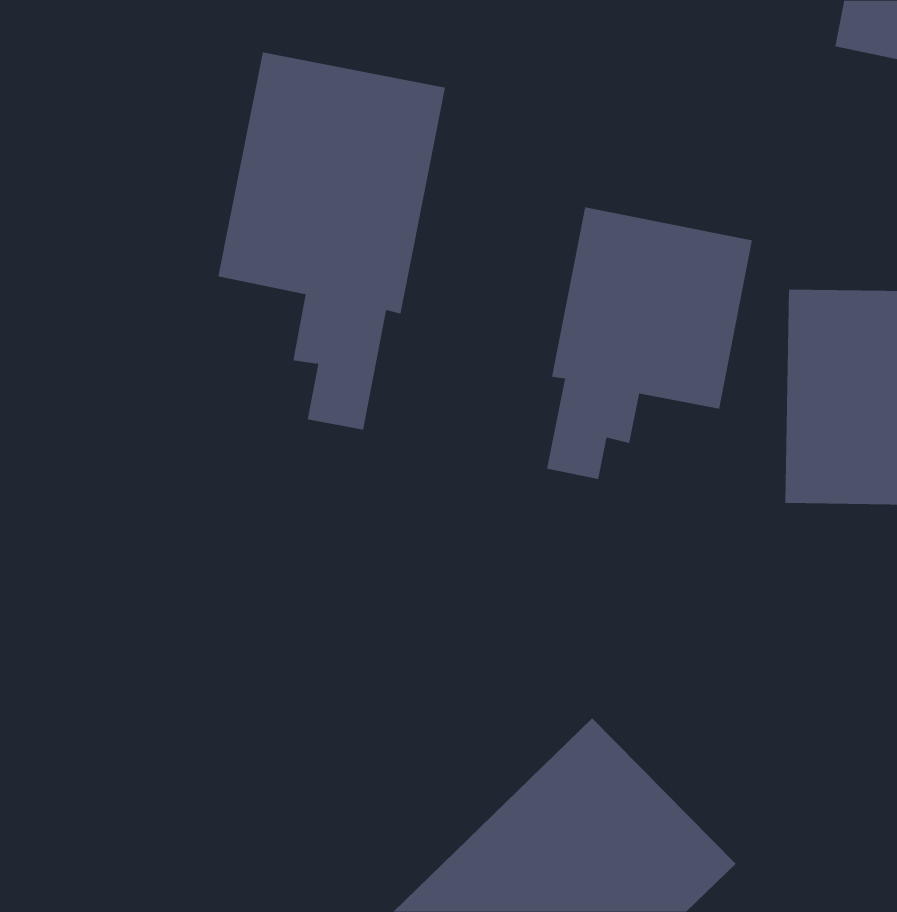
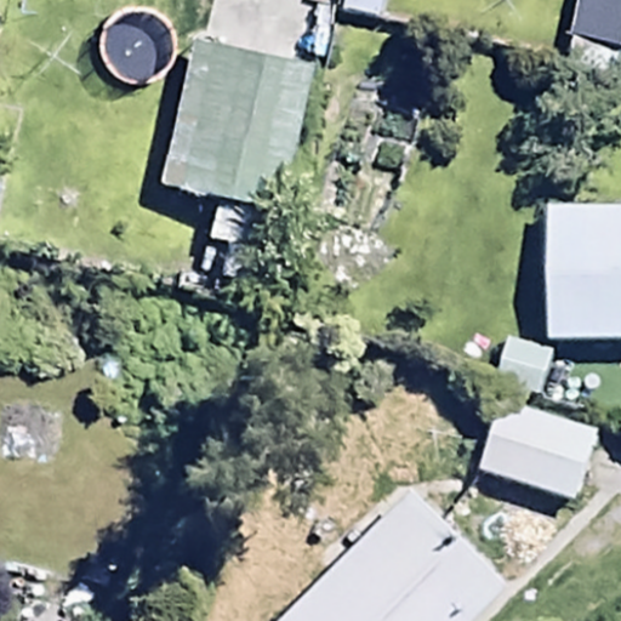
building: [547,206,753,480] -> none
building: none -> [480,401,606,502]

